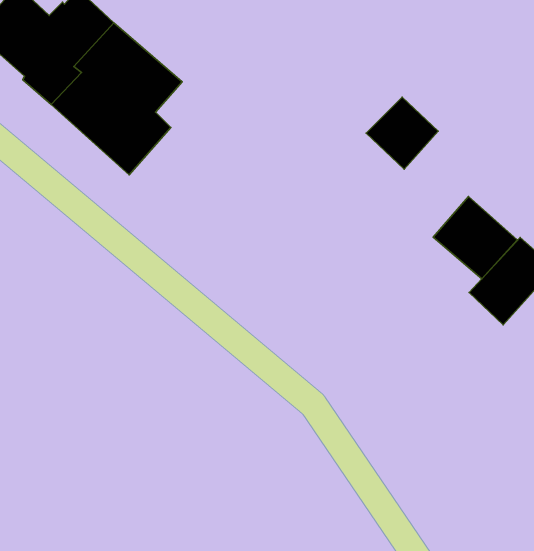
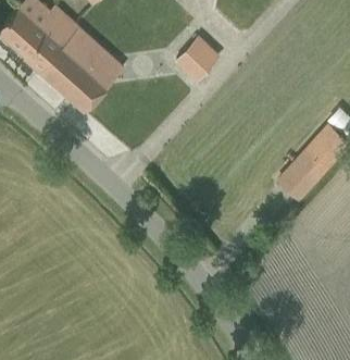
building: [366,97,438,169] -> [177,38,218,79]
building: [433,196,517,279] -> none

